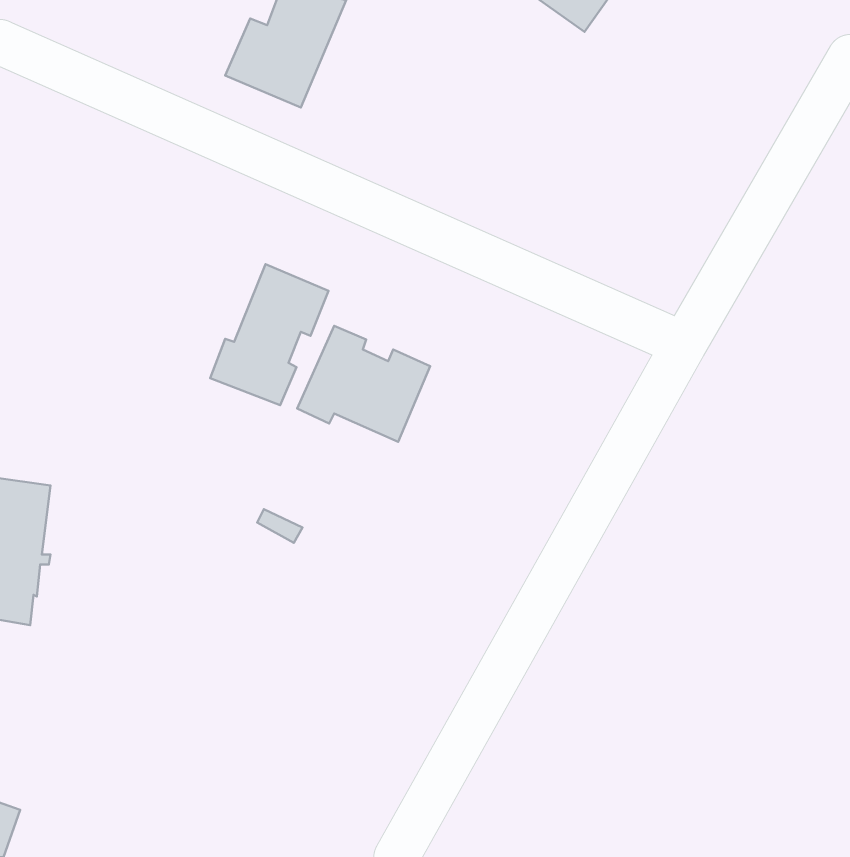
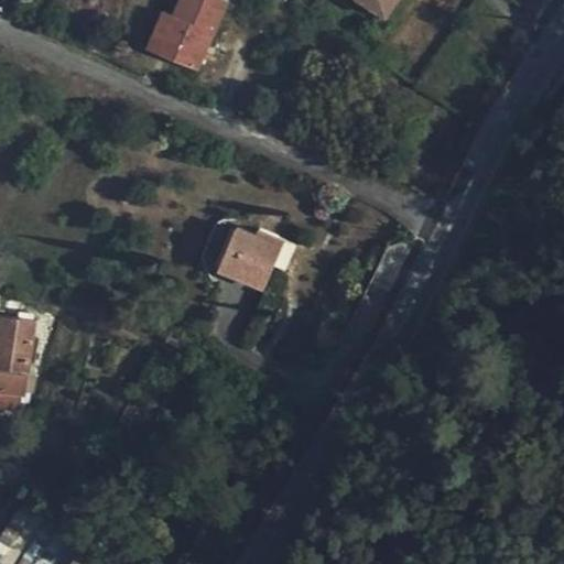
building: [210,264,329,405] -> none

